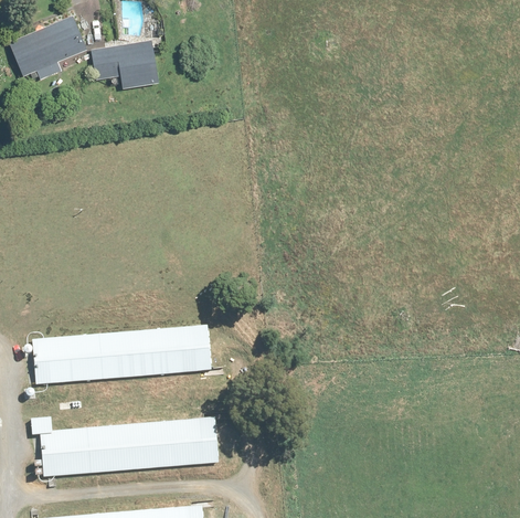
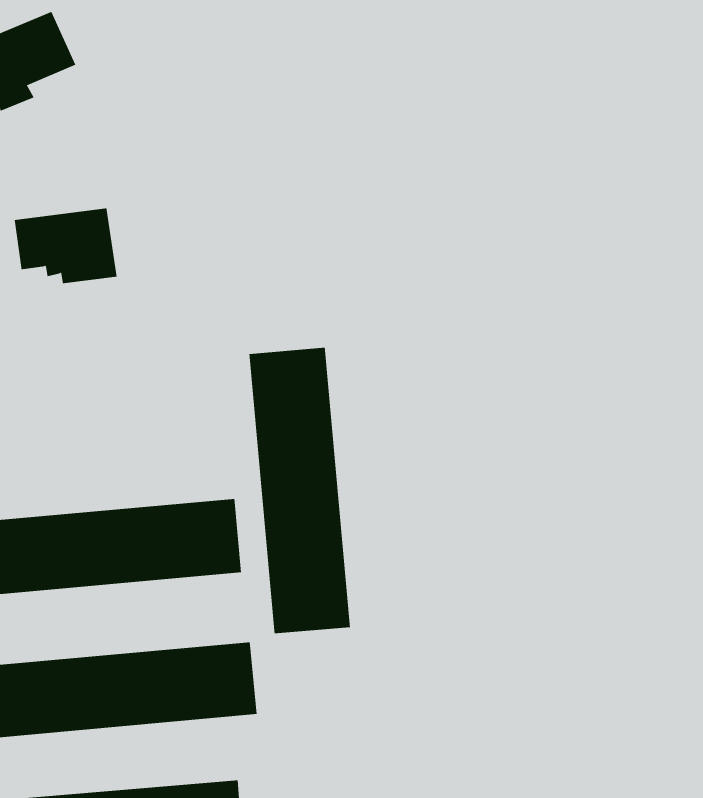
building: [99,39,166,87] -> [14,208,118,284]
building: none -> [249,347,350,634]

